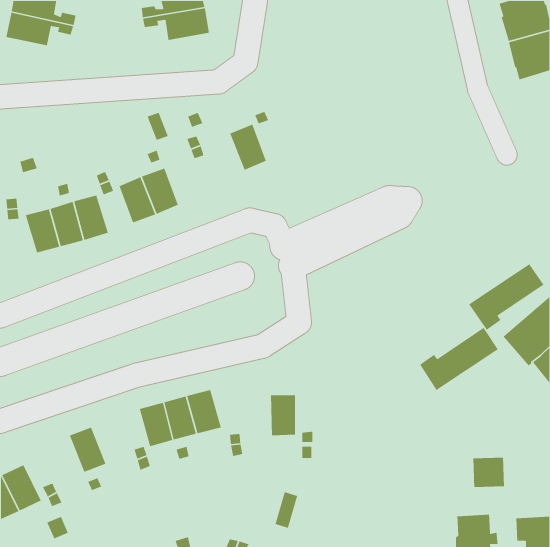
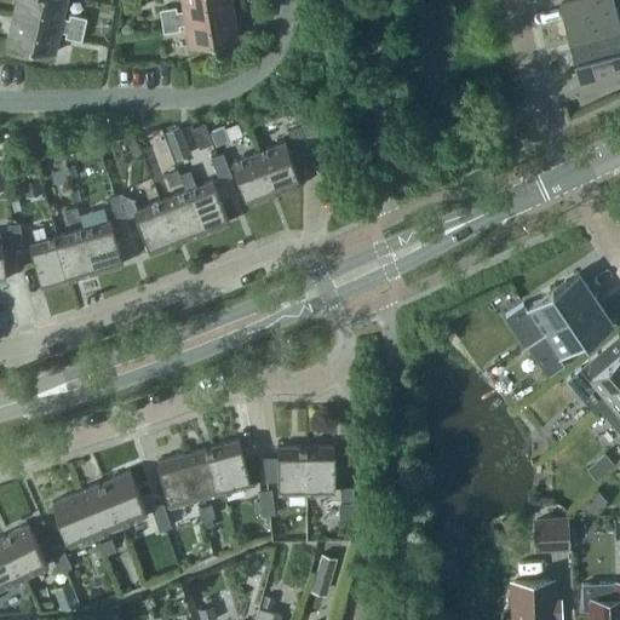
building: none -> [231,153,275,205]
building: none -> [185,182,228,234]
building: [419,327,499,391] -> [506,274,596,346]
building: none -> [276,447,305,494]
building: none -> [103,472,147,526]
building: none -> [51,493,94,546]

